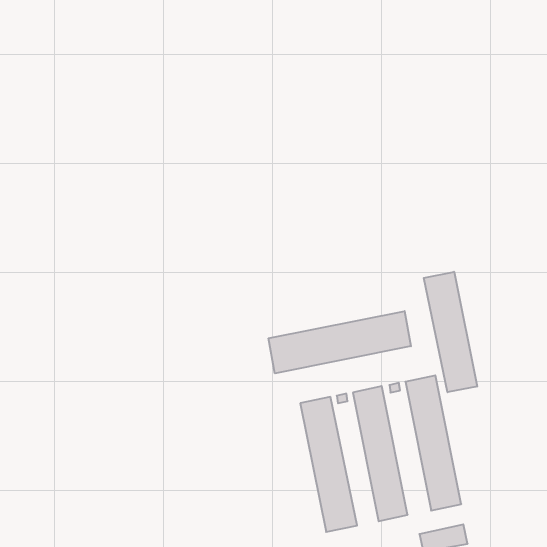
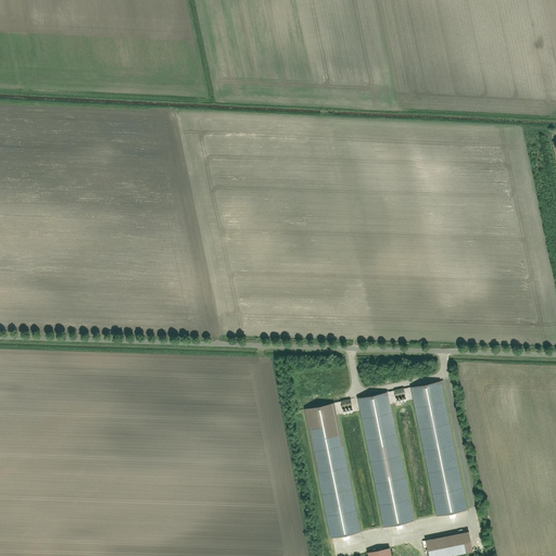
building: [424,272,477,392] -> none
building: [269,311,411,373] -> none

